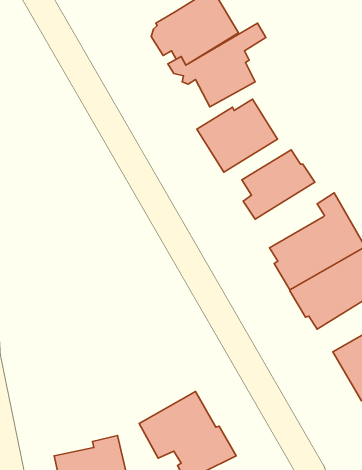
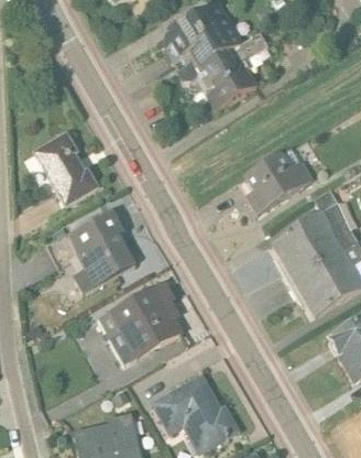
building: [197,99,278,172] -> none
building: none -> [34,132,98,205]
building: none -> [47,210,135,292]
building: none -> [98,279,182,363]

